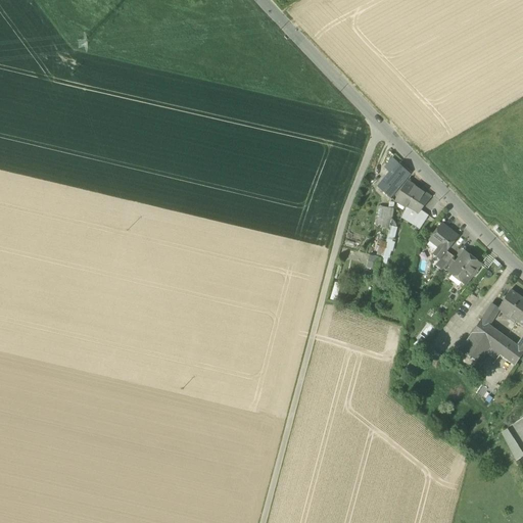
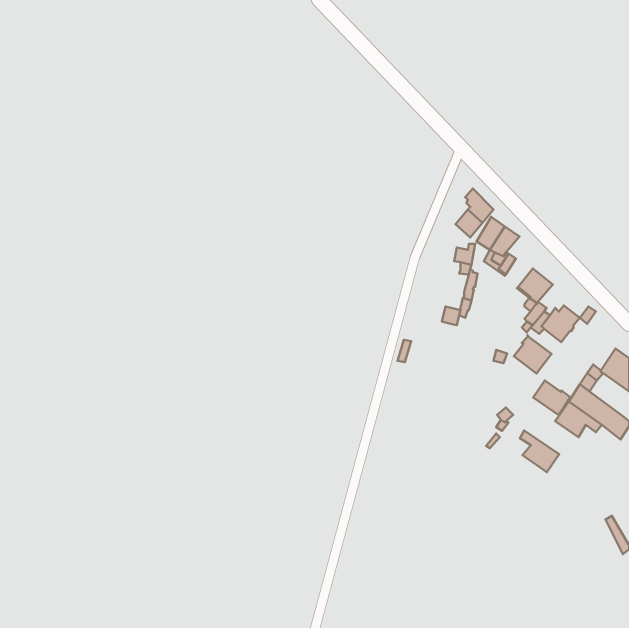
building: none -> [514,335,552,374]
building: none -> [533,381,571,415]
building: none -> [520,430,559,472]

